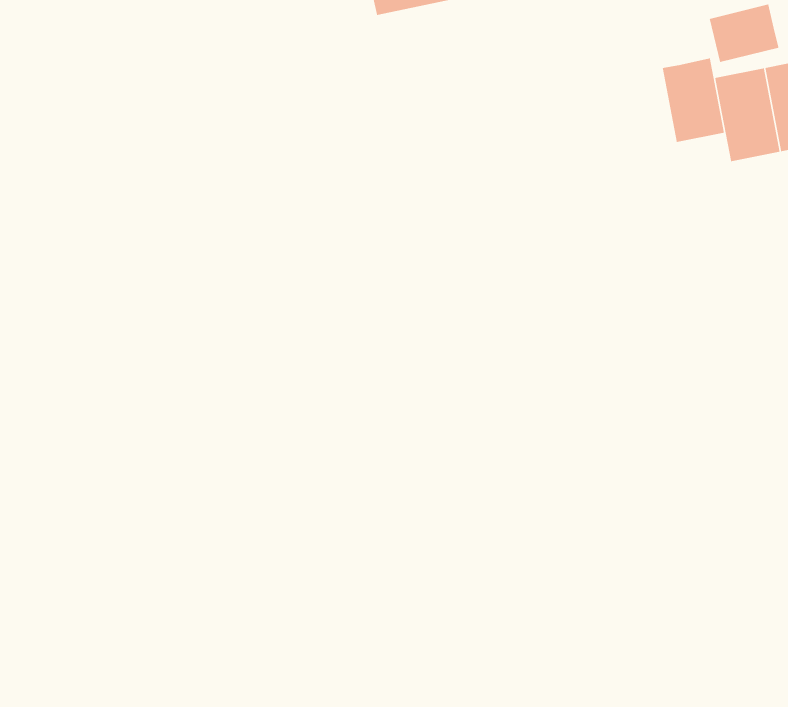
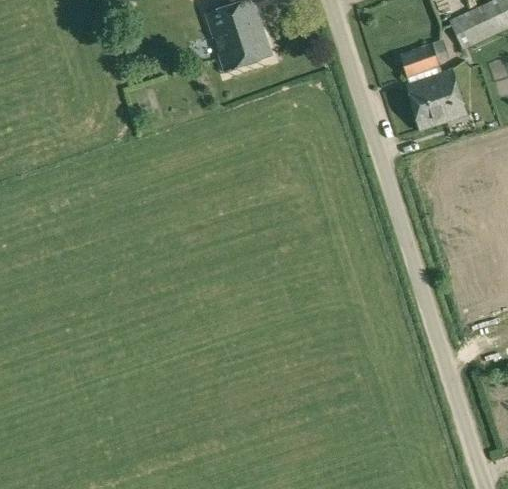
building: [662,58,725,143] -> none

